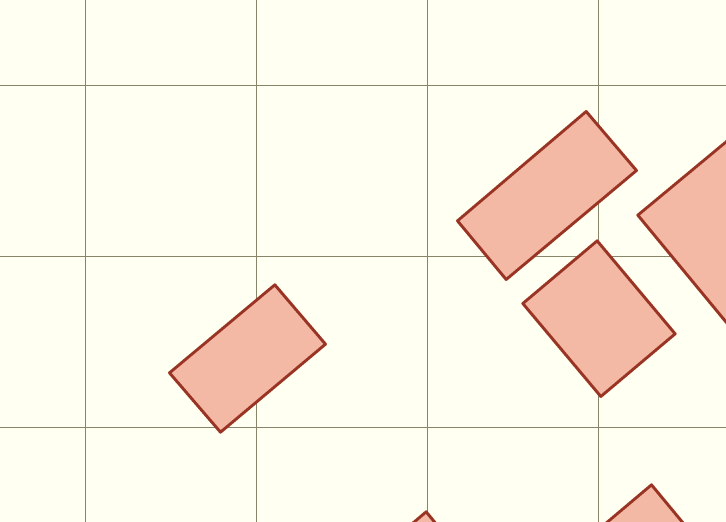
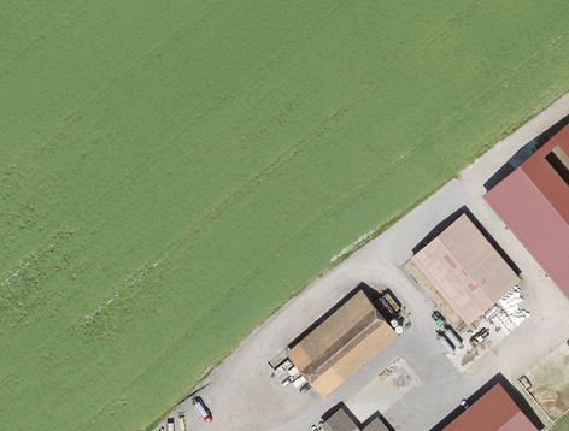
building: [457,112,637,280] -> none
building: [170,285,325,432] -> [284,291,395,396]

